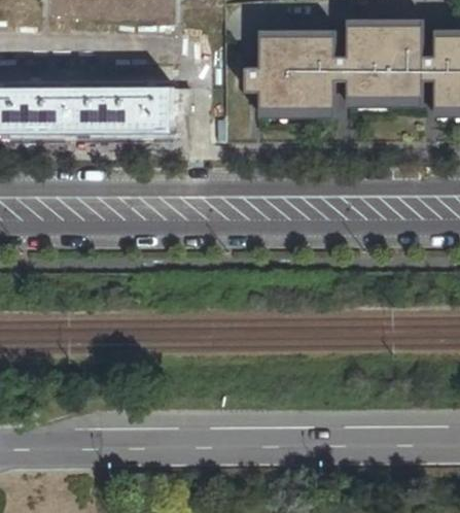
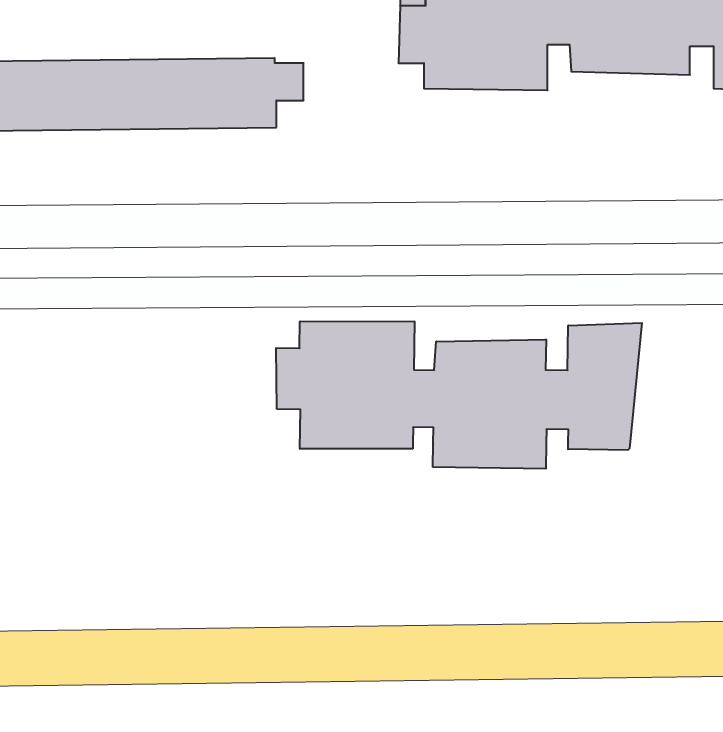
building: none -> [276,321,642,469]

